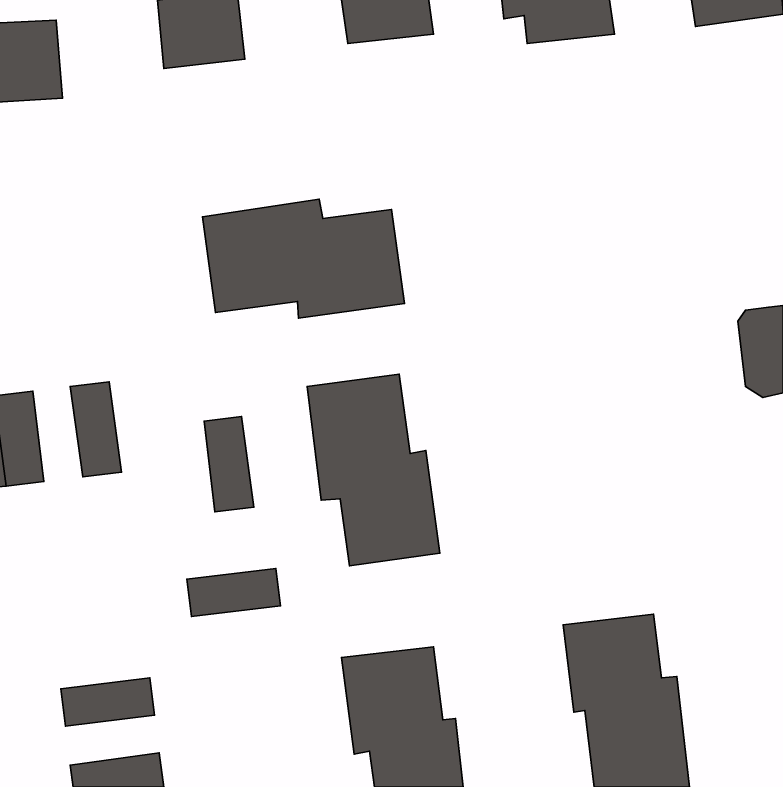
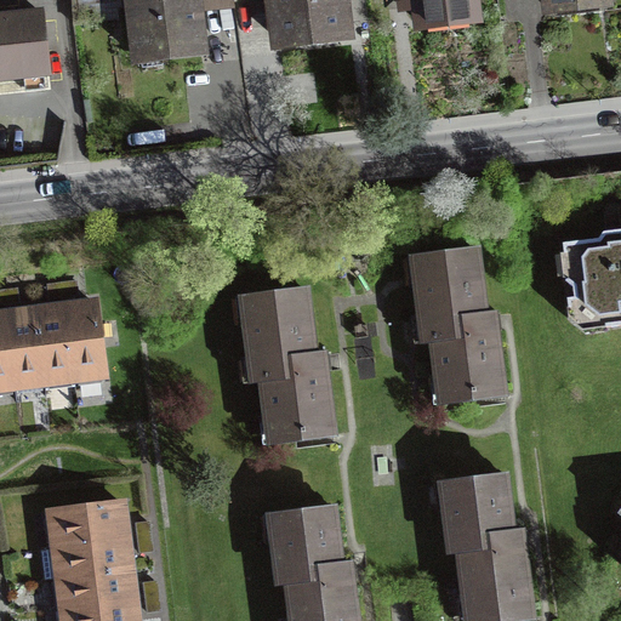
building: [202,199,404,318] -> none
building: none -> [410,252,507,411]
building: [204,417,254,512] -> [25,301,64,375]
building: [187,568,281,617] -> [44,498,116,536]
building: none -> [51,557,124,596]

